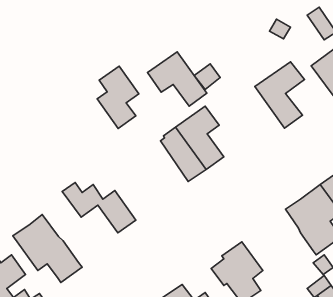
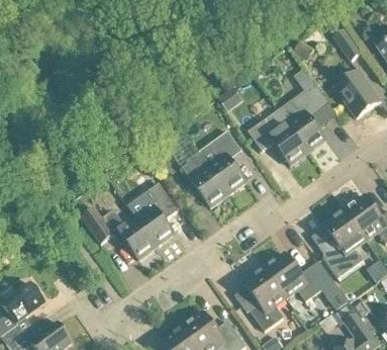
building: [147,52,207,106] -> [248,109,308,165]
building: [97,66,139,129] -> [135,182,178,246]
building: [13,215,82,283] -> none
building: none -> [265,253,325,301]

